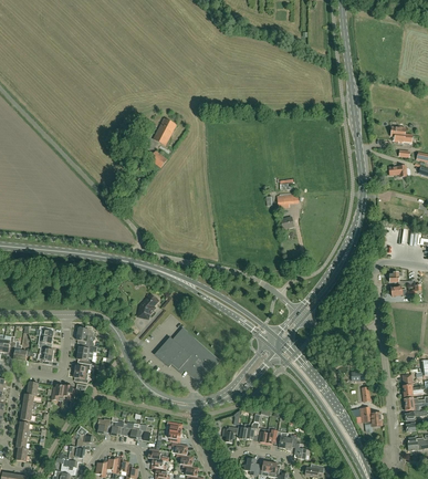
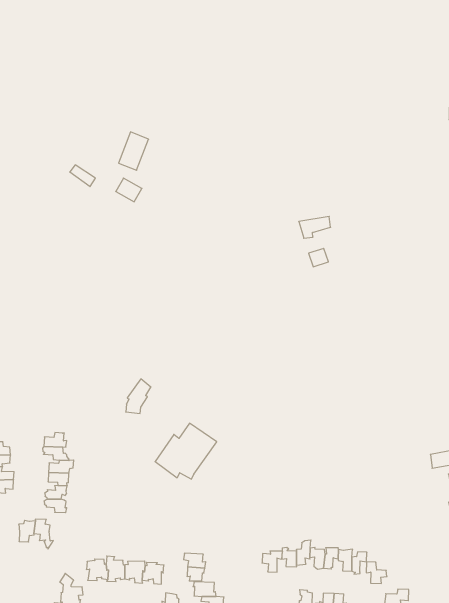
building: [181,345,218,382] -> none

